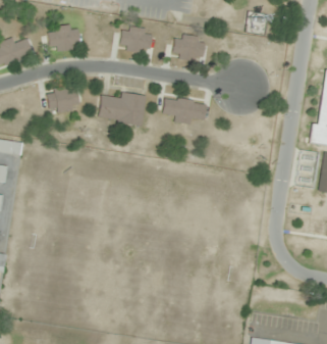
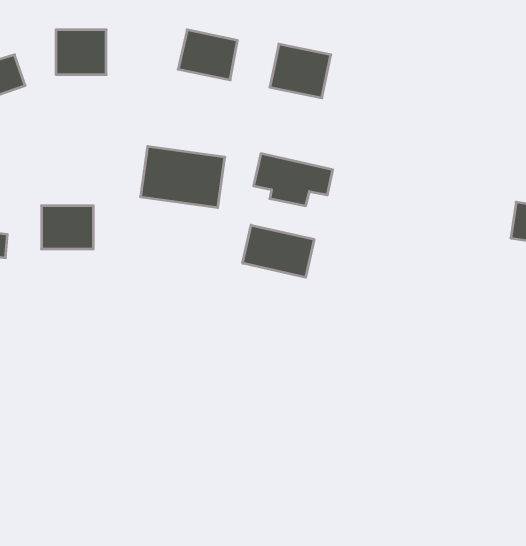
building: [49,87,78,111] -> [41,206,93,249]
building: none -> [243,225,314,277]

